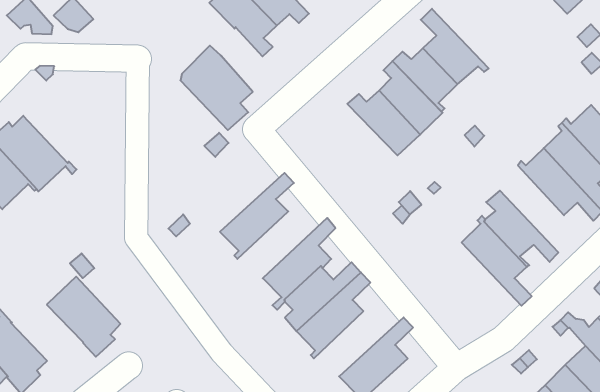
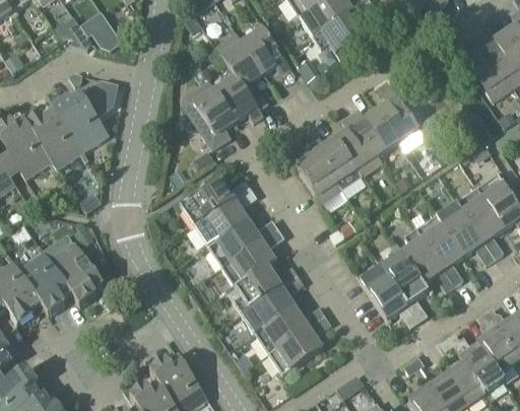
building: none -> [216,67,263,120]
building: none -> [52,81,116,151]
building: none -> [294,141,341,202]
building: none -> [176,177,251,224]
building: none -> [416,211,463,284]
building: none -> [203,217,278,266]
building: none -> [356,264,418,327]
building: none -> [18,244,72,315]
building: none -> [250,304,325,352]

